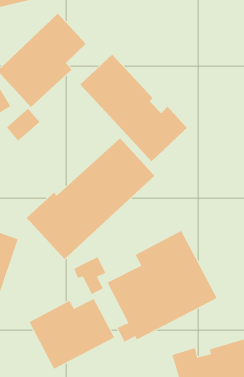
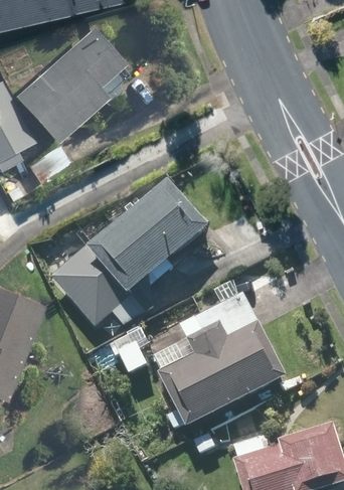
building: [80,54,188,162] -> none
building: [29,298,115,369] -> none

